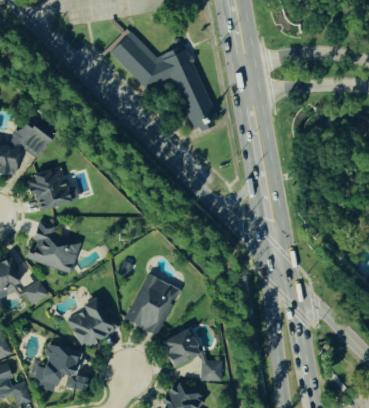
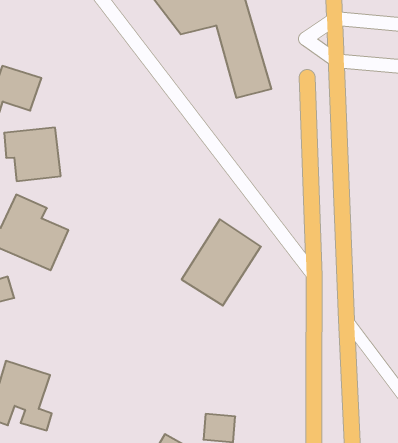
building: [125,273,180,336] -> [182,219,261,306]
building: [67,296,114,348] -> none
building: [160,328,200,368] -> none

